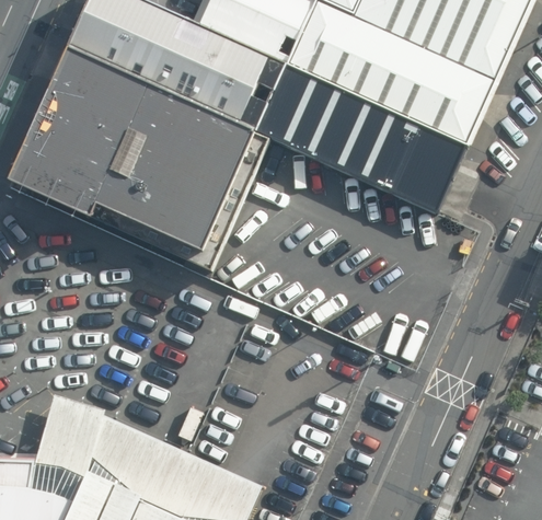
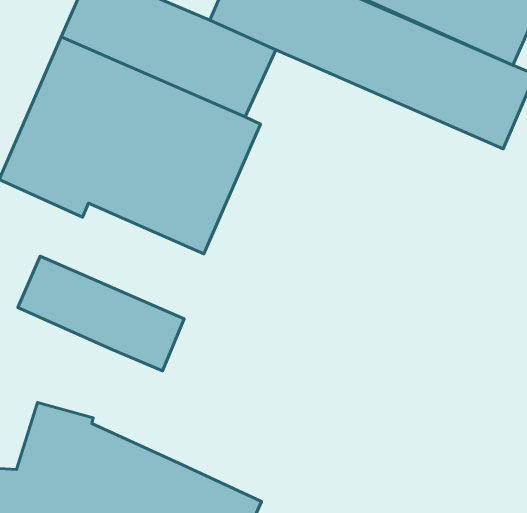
building: [261,72,477,220] -> none
building: none -> [18,256,184,371]

